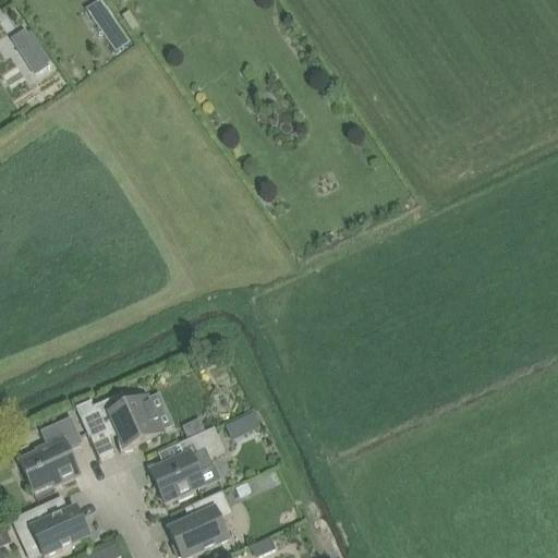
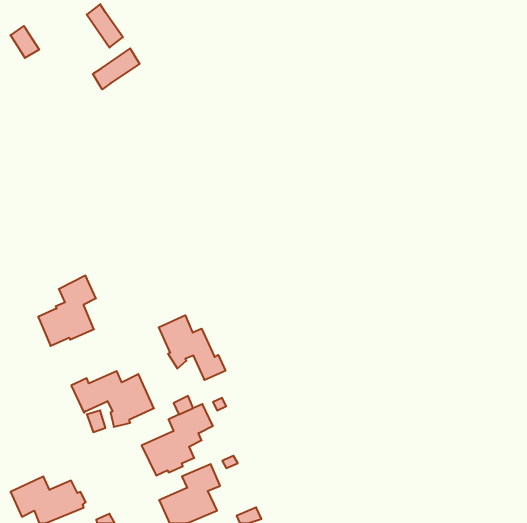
building: none -> [93,48,140,89]
building: none -> [159,315,225,380]
building: [20,416,81,490] -> [38,276,96,346]

